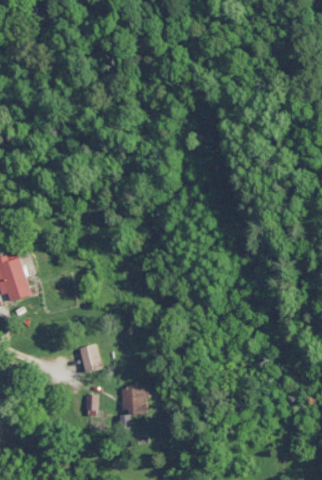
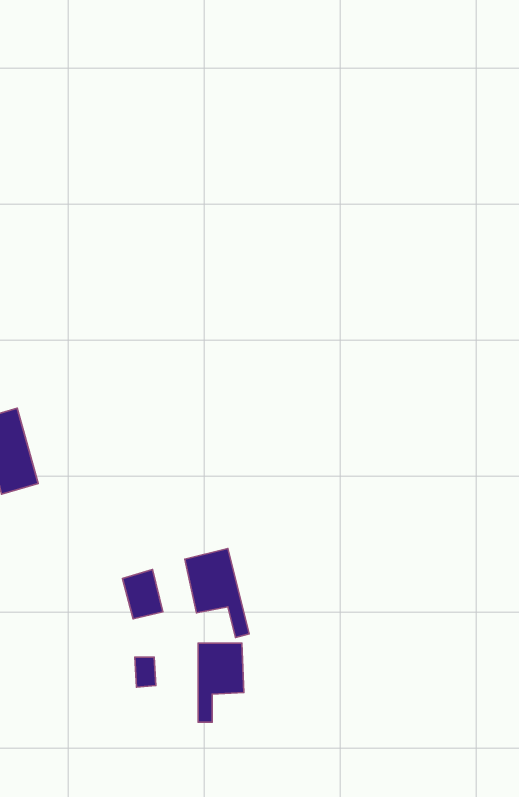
building: none -> [185,548,249,637]

